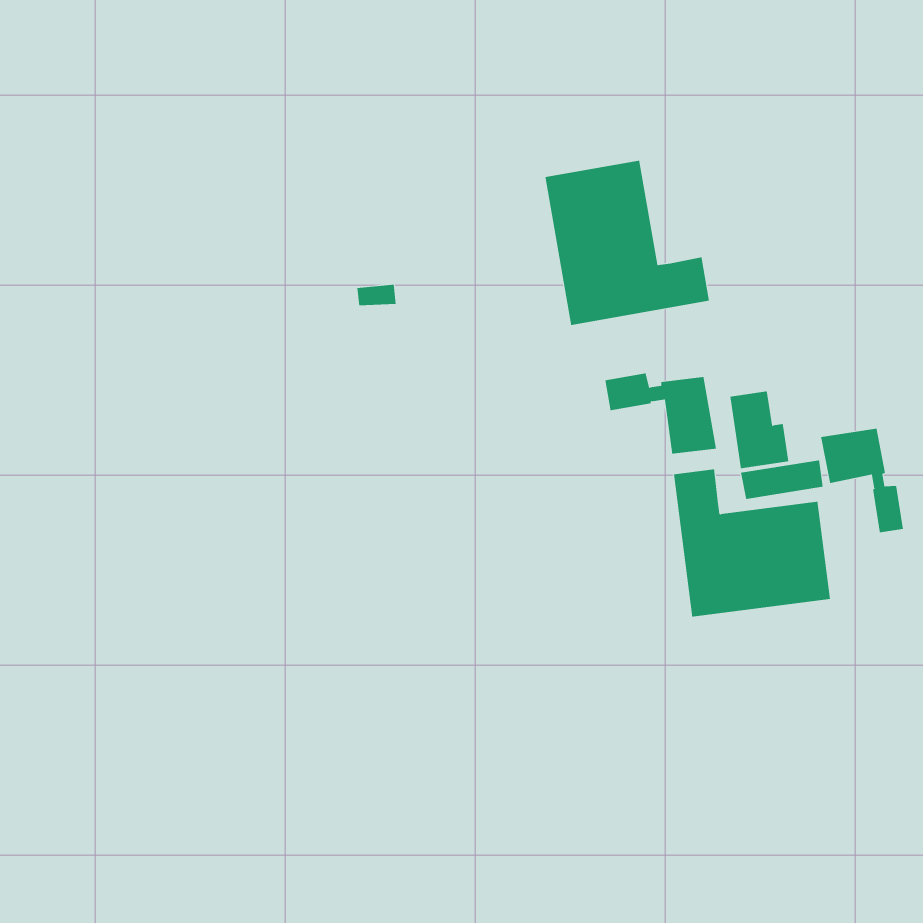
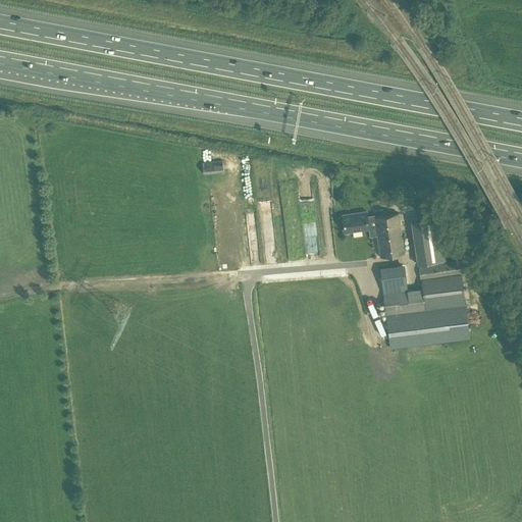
building: [545,160,709,326] -> none
building: [821,428,903,533] -> none

